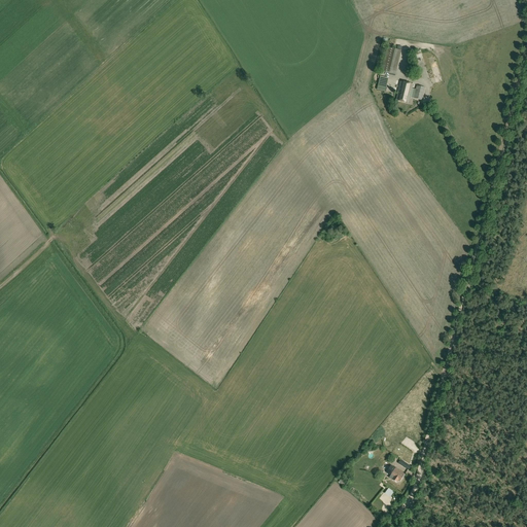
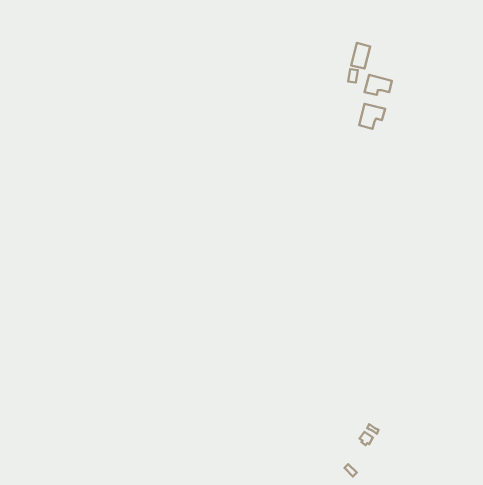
building: none -> [359,104,385,129]

